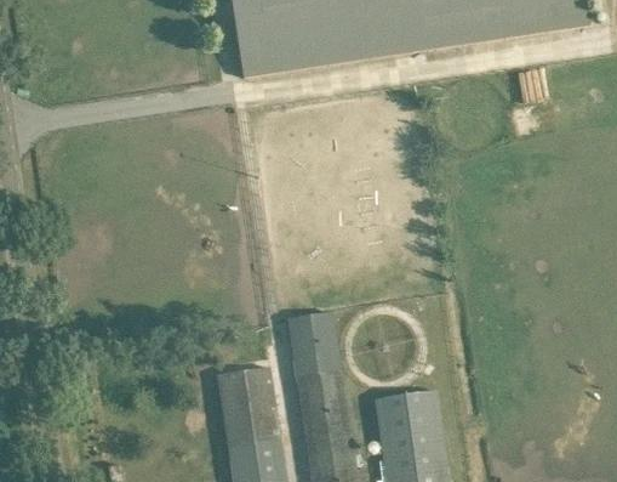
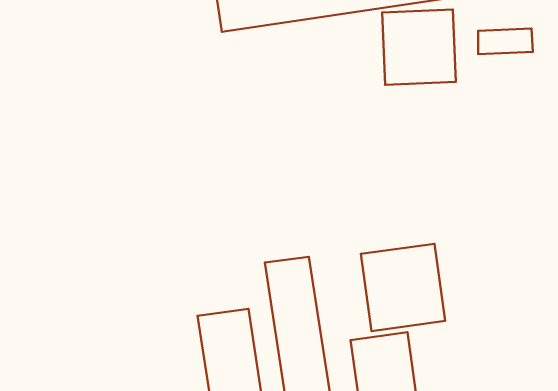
building: none -> [382,9,456,85]
building: none -> [361,244,445,331]

